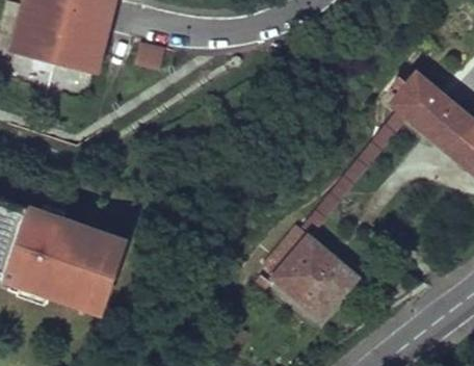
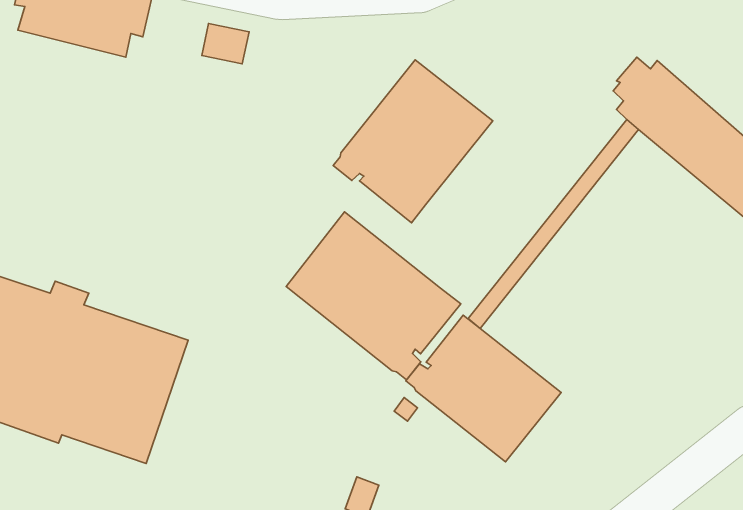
building: none -> [333,60,493,223]
building: none -> [286,212,461,380]

